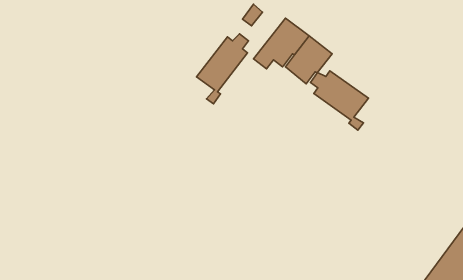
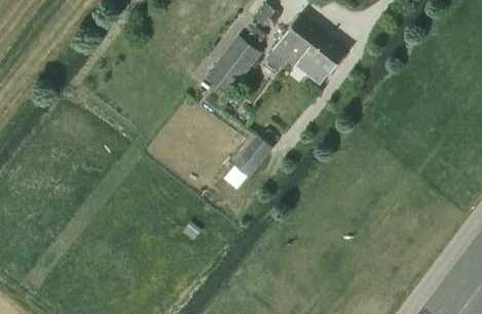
building: [310,71,368,130] -> none
building: none -> [232,139,270,180]

